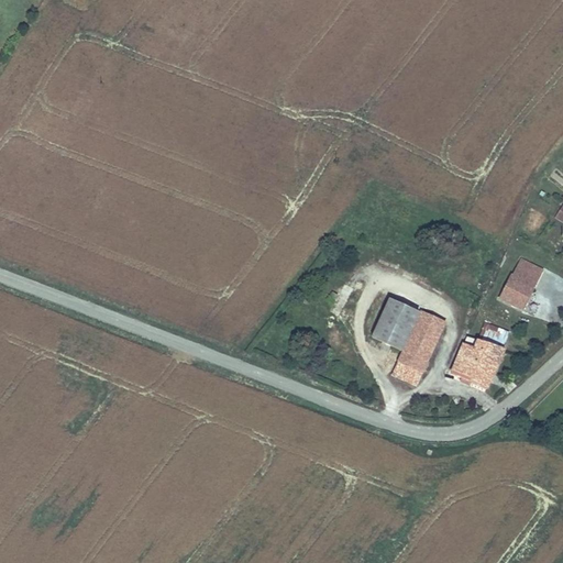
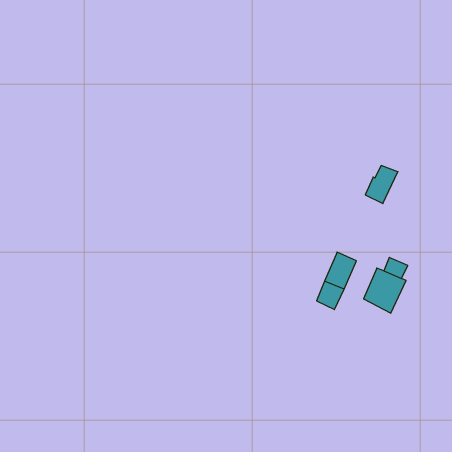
building: [501,261,542,308] -> [365,166,398,204]
building: [372,299,419,350] -> none

